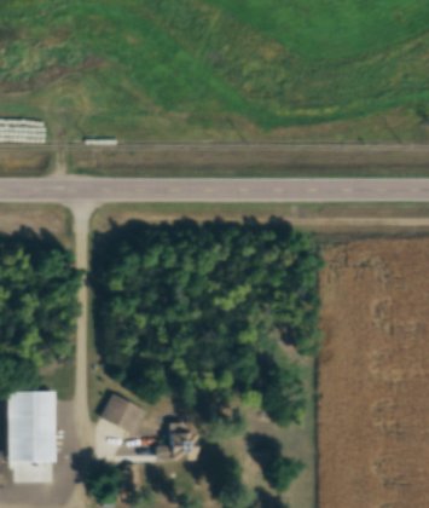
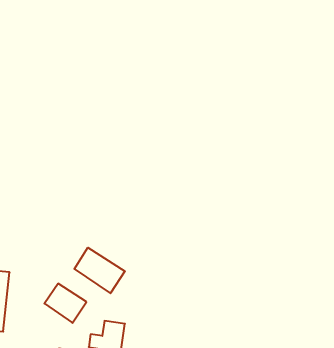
building: none -> [74,248,125,293]

